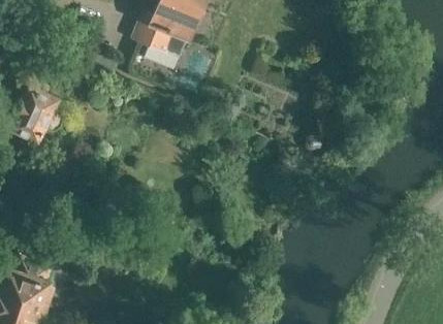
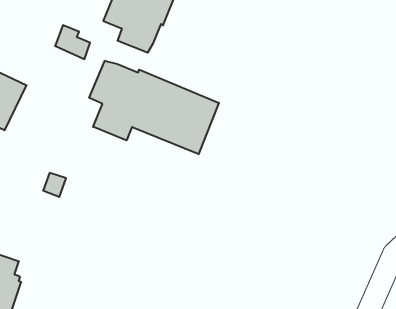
building: none -> [89,61,219,154]

